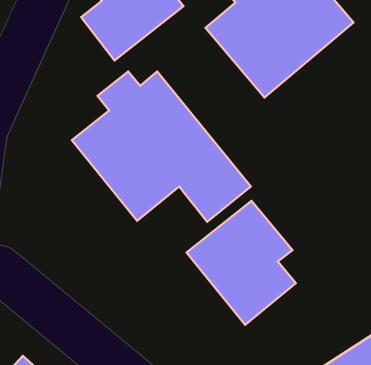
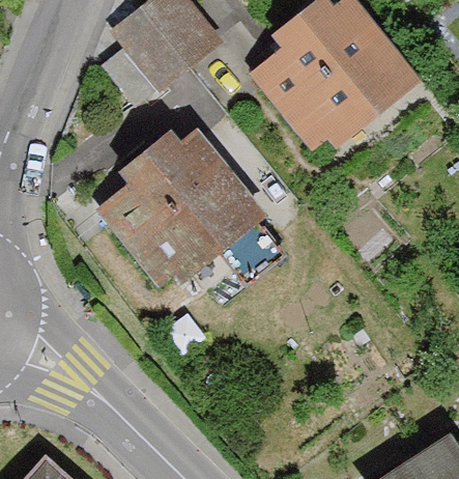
building: [187,201,296,325] -> none

